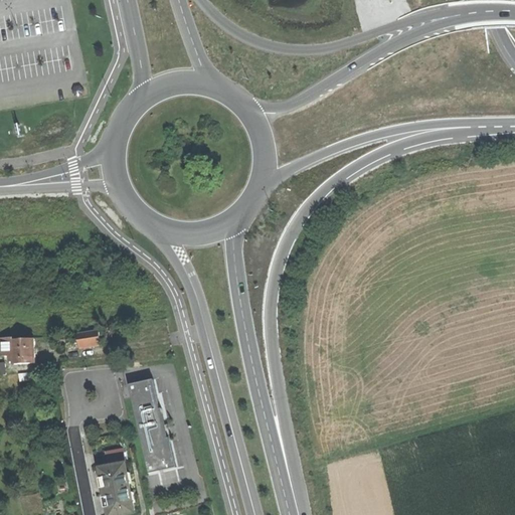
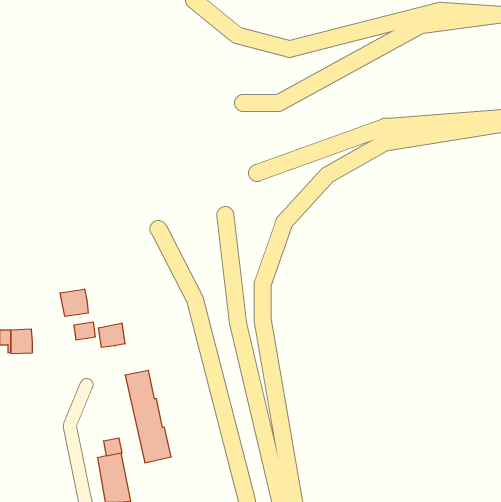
building: none -> [60,289,88,316]
building: none -> [99,323,125,347]

